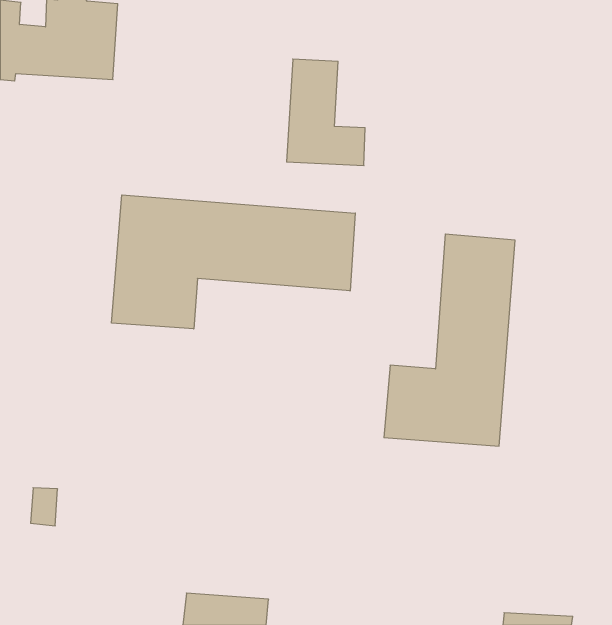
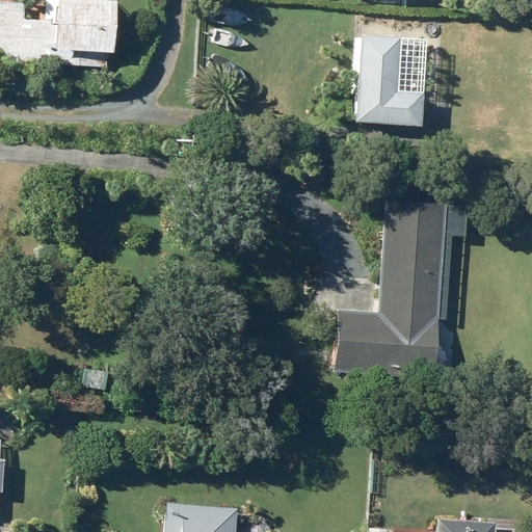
building: [287,59,365,166] -> [354,35,421,126]
building: [112,195,355,329] -> none

